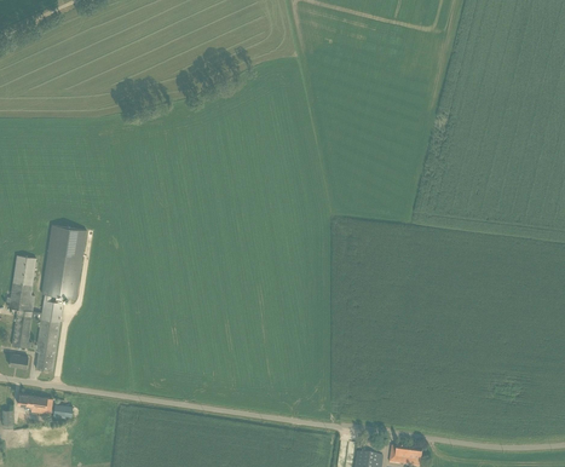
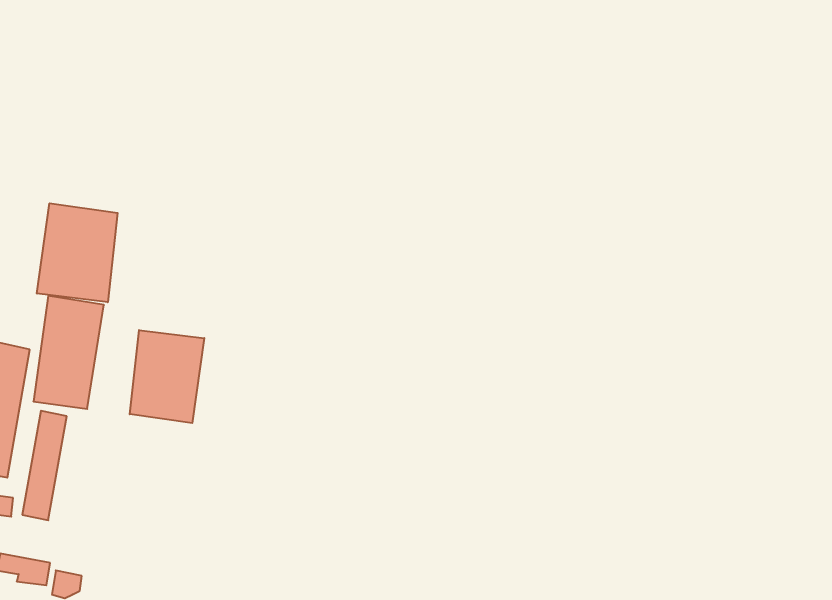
building: none -> [37,203,118,302]
building: none -> [130,330,204,423]

